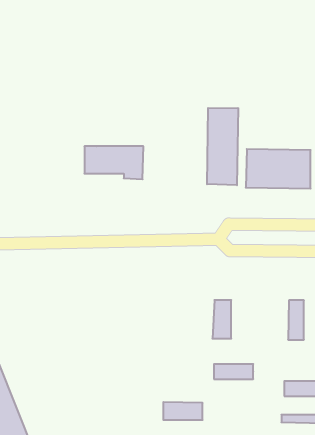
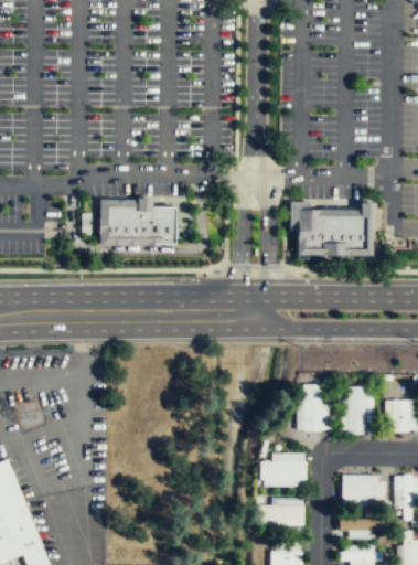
building: [207,108,238,185] -> none
building: [212,300,231,339] -> [299,384,321,429]
building: [163,402,203,420] -> [257,504,303,525]

